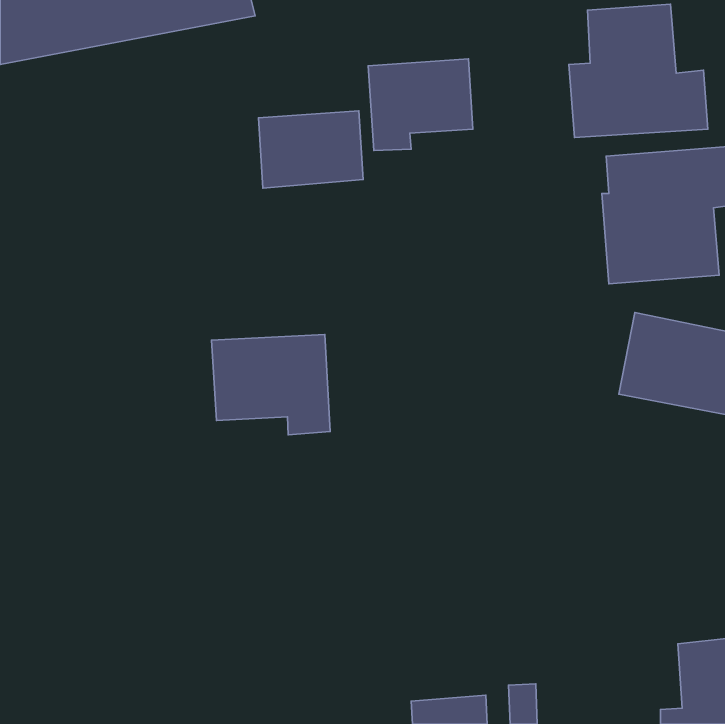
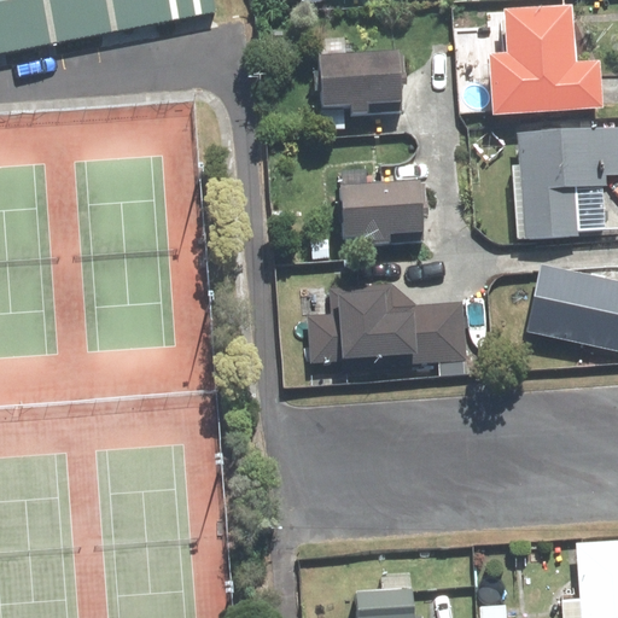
building: [258,111,363,188] -> [338,180,426,245]
building: none -> [309,281,472,368]
building: [212,335,330,435] -> none

